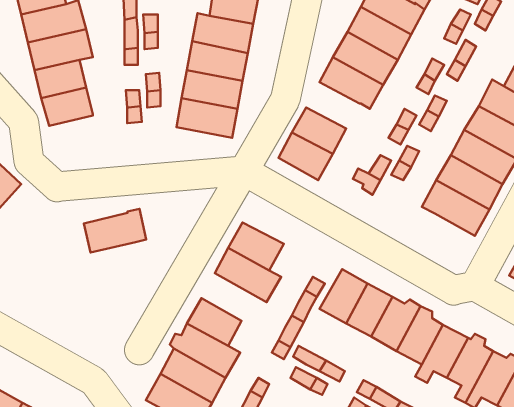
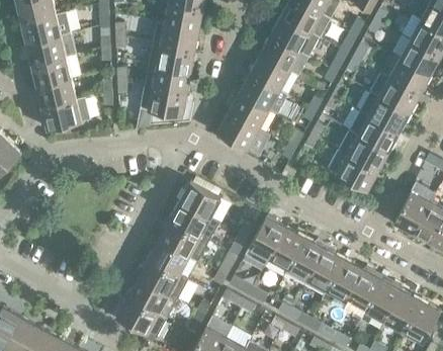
building: none -> [239,75,287,115]
building: [84,209,146,253] -> [42,97,90,130]
building: none -> [159,221,208,262]

